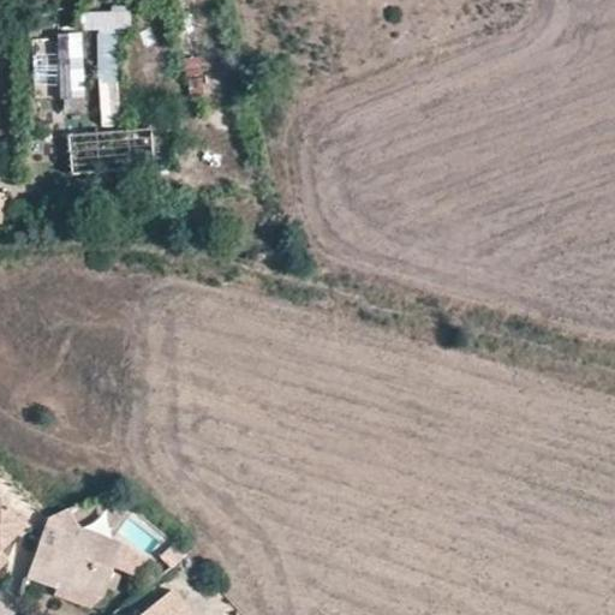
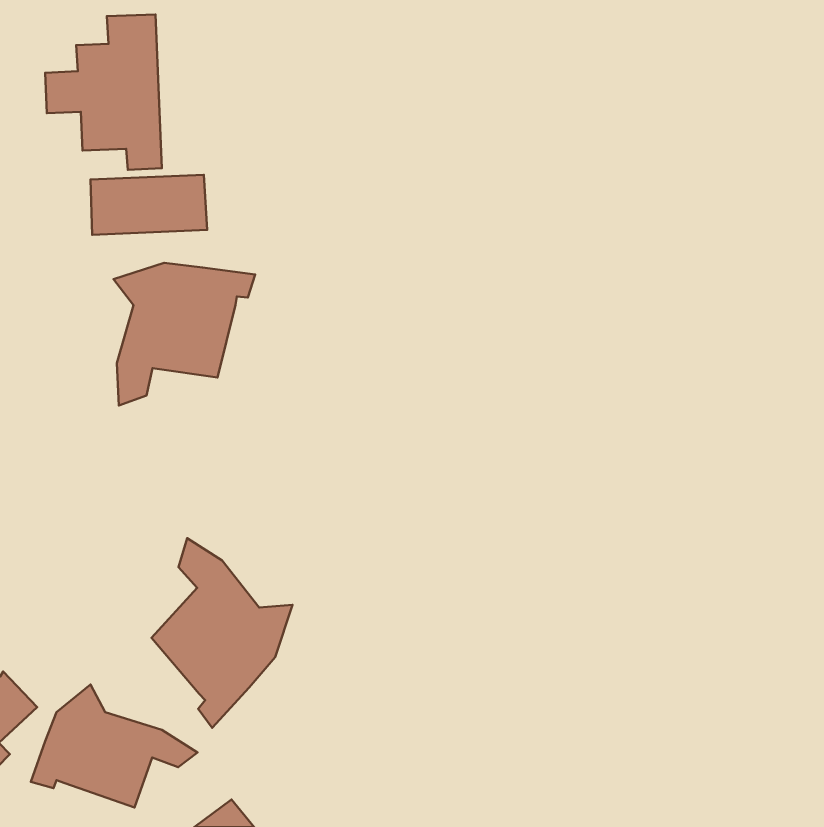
building: none -> [113,263,255,405]
building: none -> [151,538,292,728]

